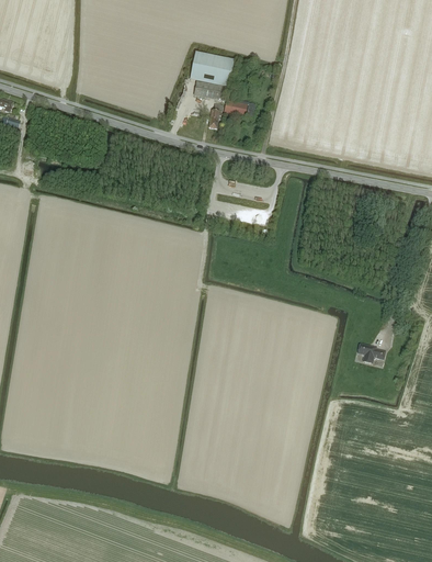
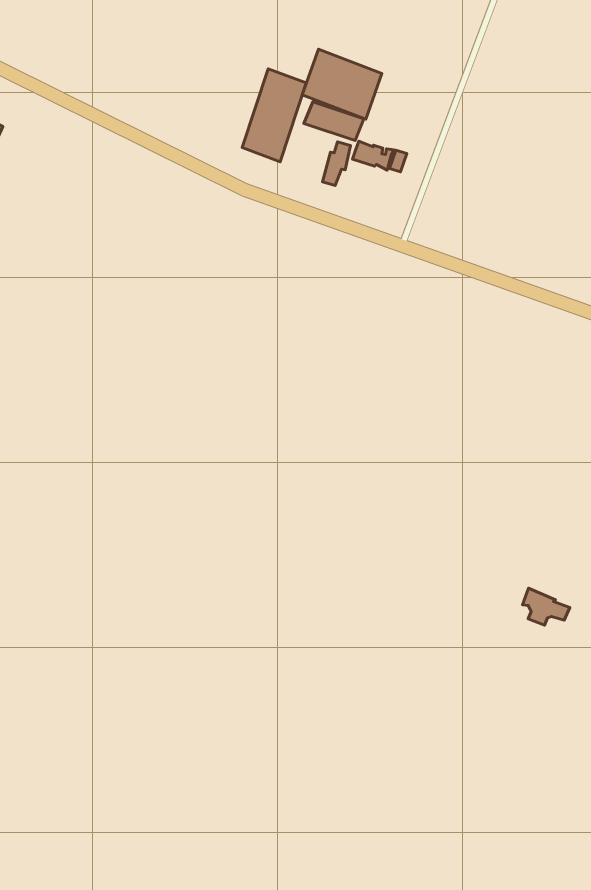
building: none -> [242,69,306,162]

